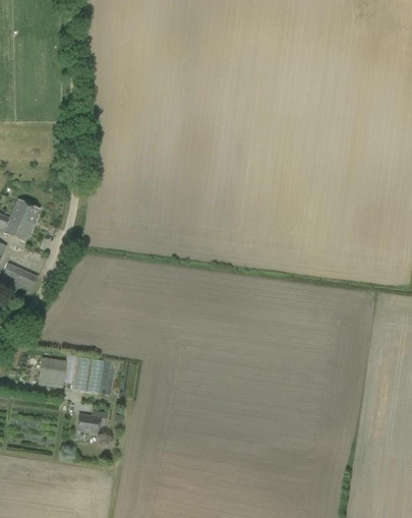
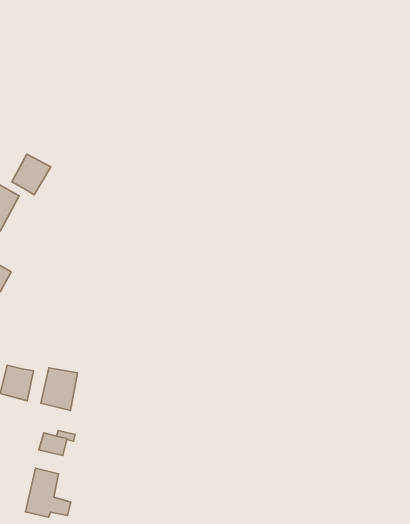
building: none -> [12,154,51,195]
building: none -> [25,468,71,517]

